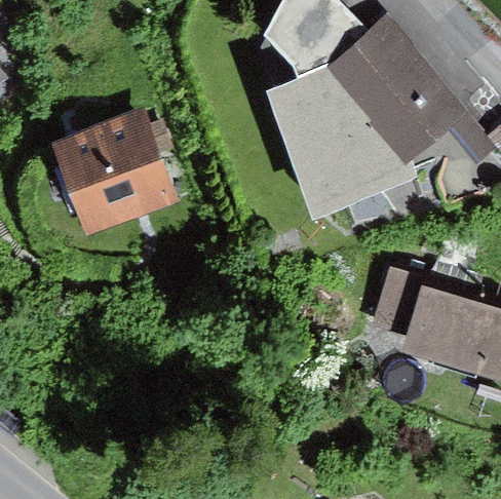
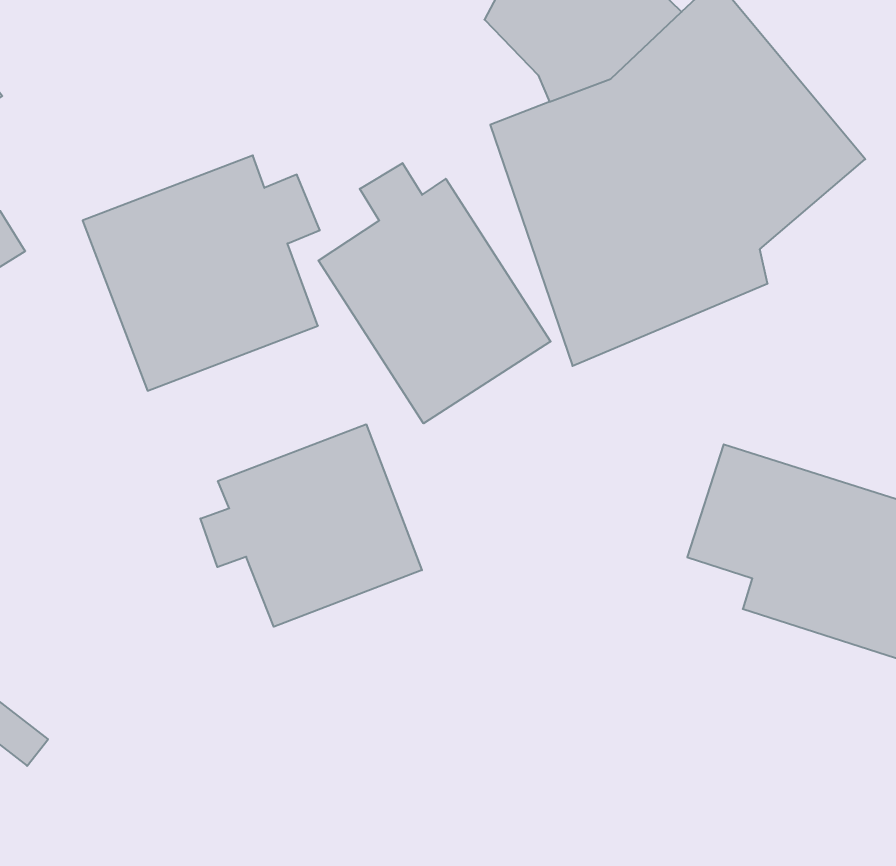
building: none -> [318,163,551,423]
building: none -> [200,424,422,627]

